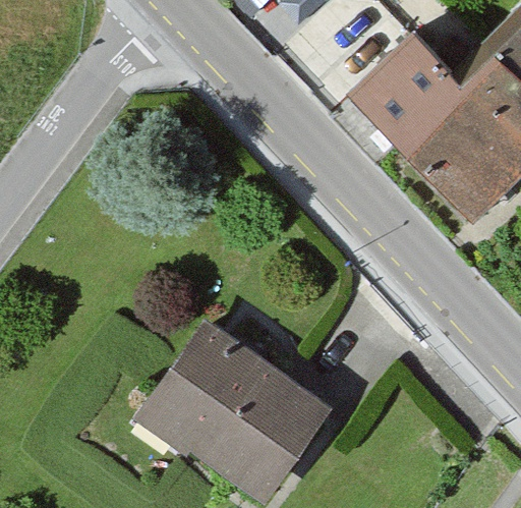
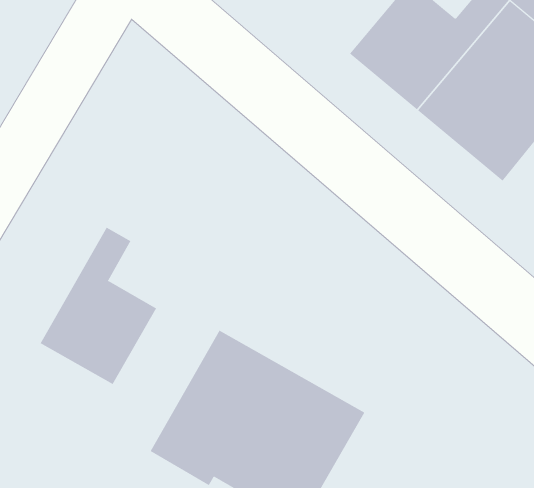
building: none -> [40,227,157,385]

